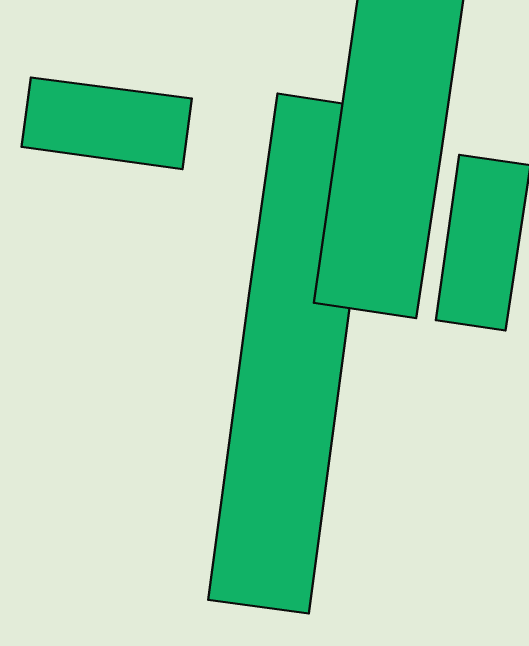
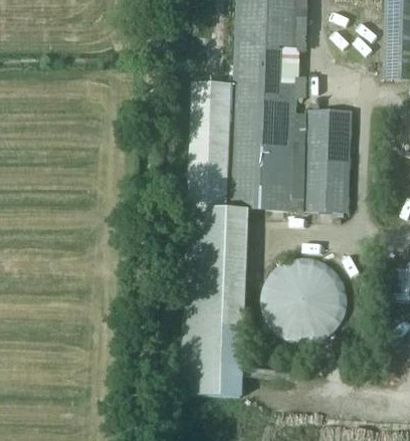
building: [22,77,192,169] -> none
building: none -> [261,258,347,344]

